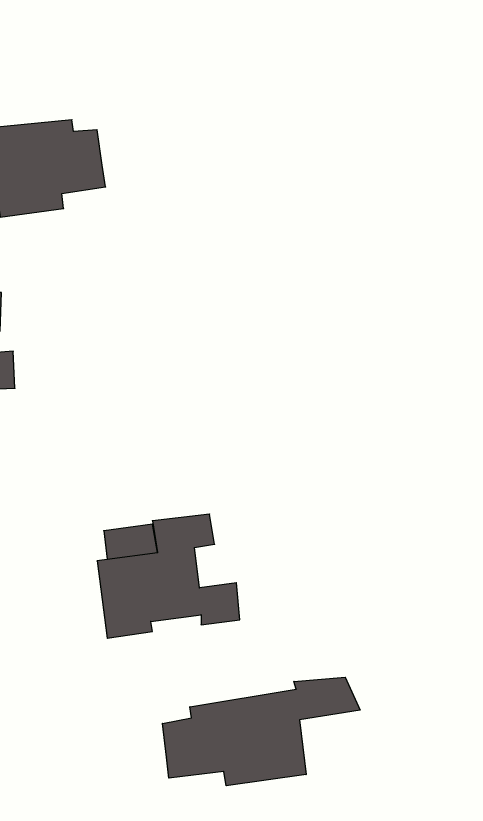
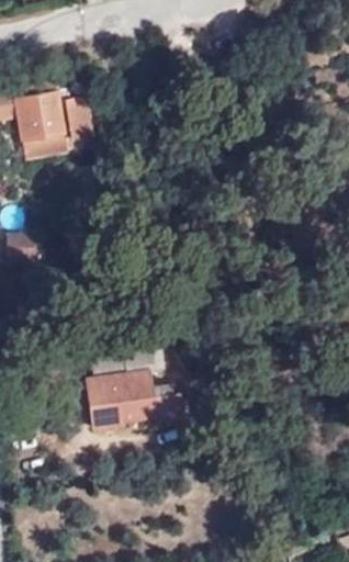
building: [162,677,360,786] -> none

